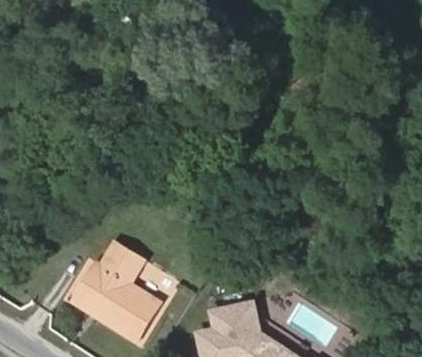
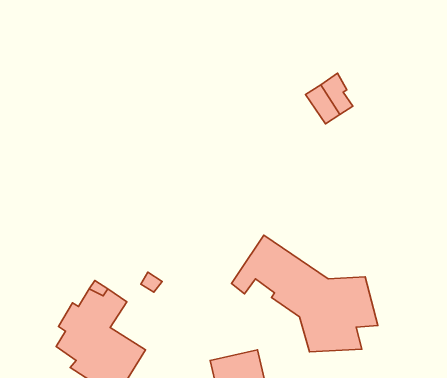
building: none -> [231,235,378,352]

